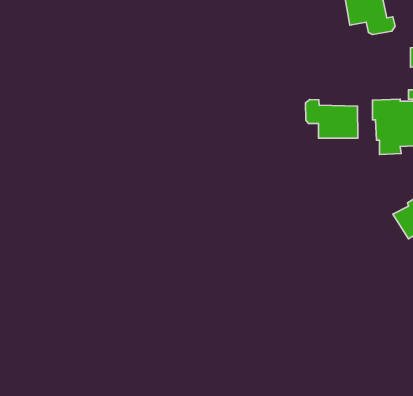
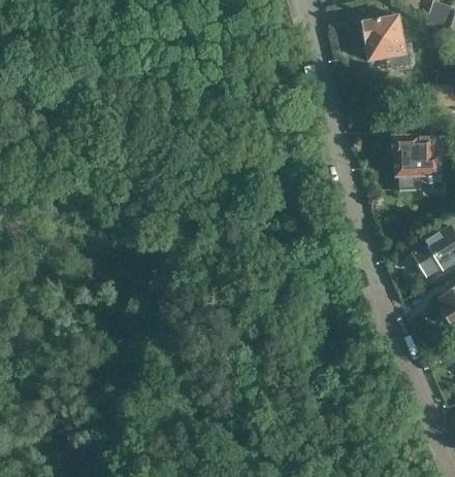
building: [305,99,358,138] -> none

